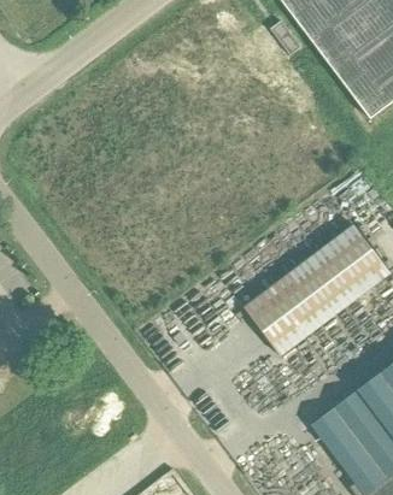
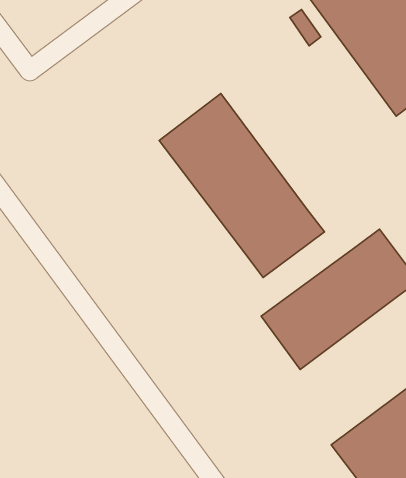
building: none -> [159,93,324,278]

